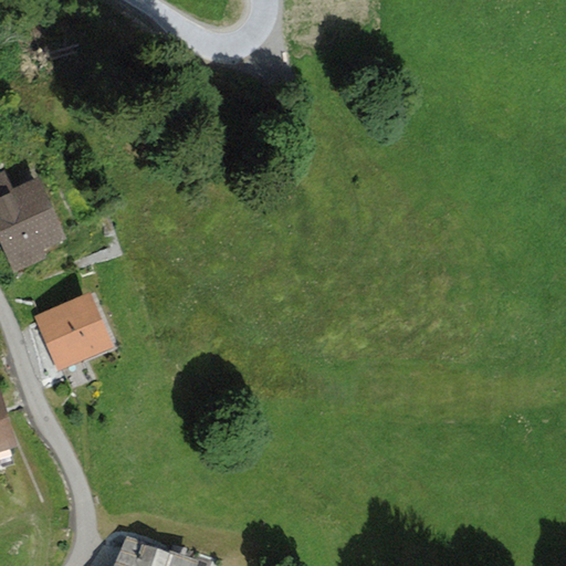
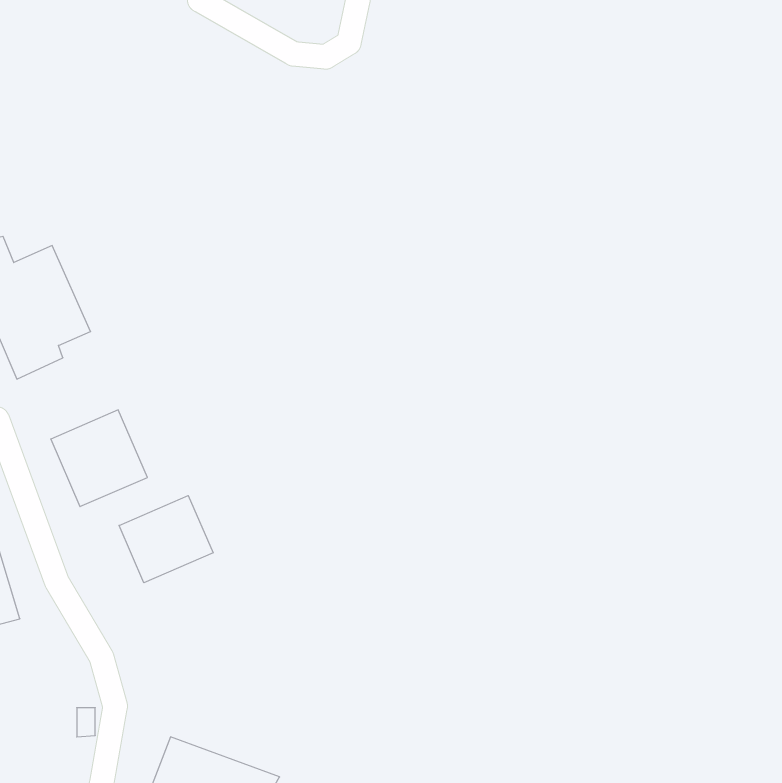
building: none -> [119,496,213,583]

